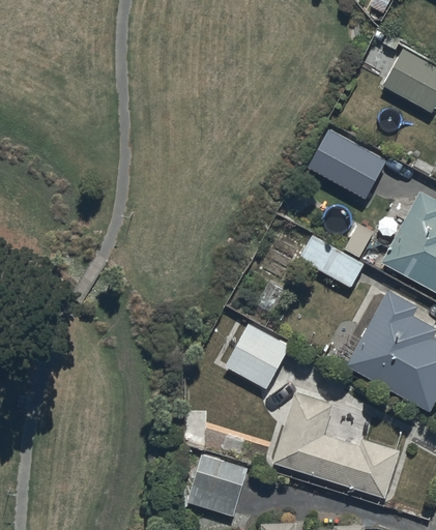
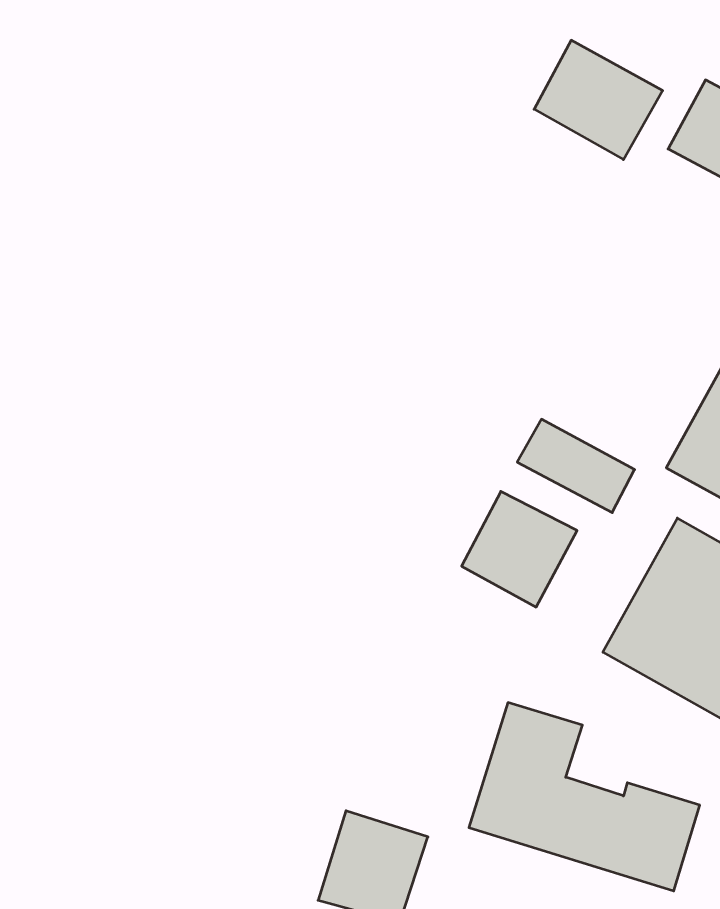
building: [313,131,384,198] -> [534,40,663,160]
building: [226,325,290,389] -> [462,491,577,607]

